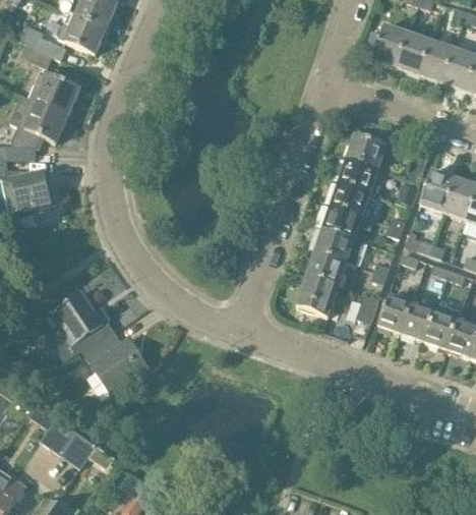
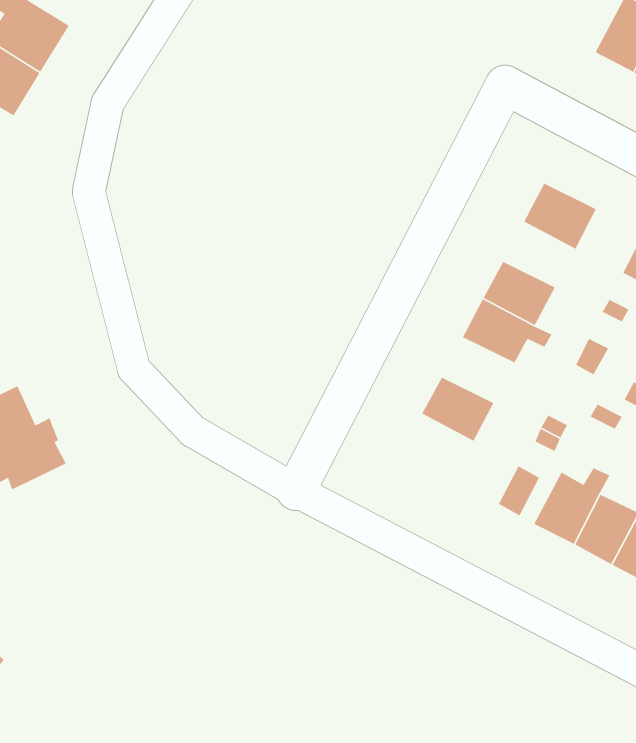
building: [339,159,378,192] -> none
building: [314,228,364,266] -> none
building: [296,274,338,317] -> none
building: [85,331,148,394] -> none

